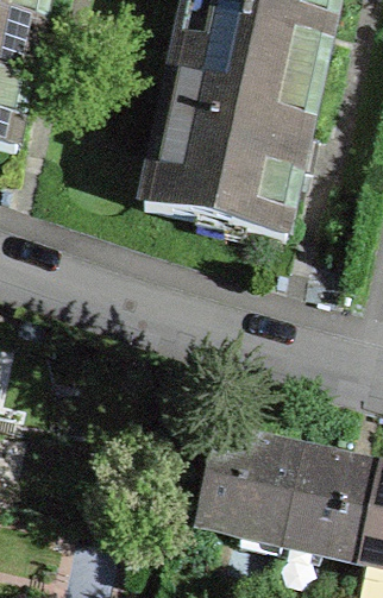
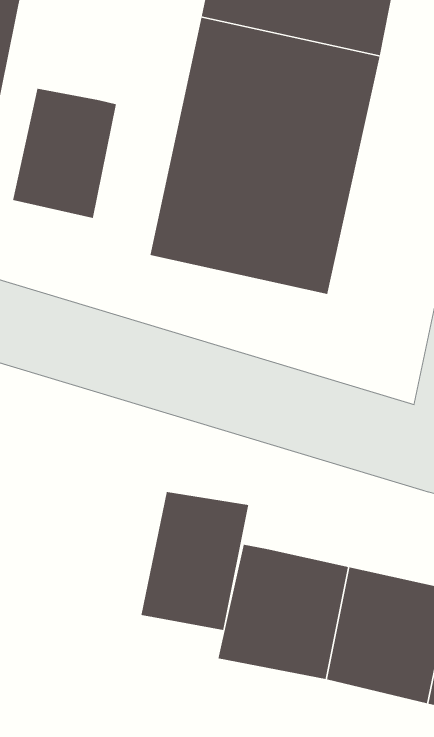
building: none -> [12,88,117,219]
building: none -> [140,491,249,631]

